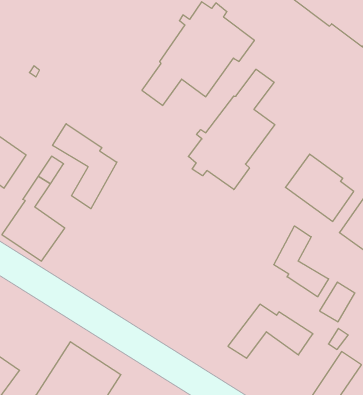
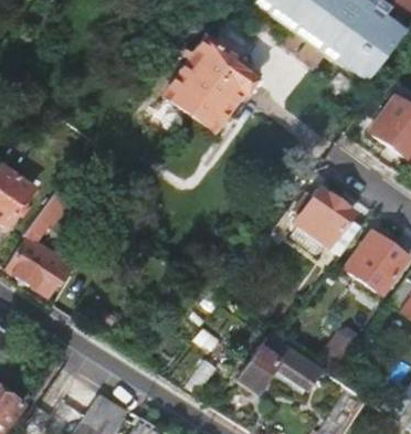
building: [188,69,275,190] -> none
building: [53,124,117,209] -> none
building: [274,226,329,297] -> none

